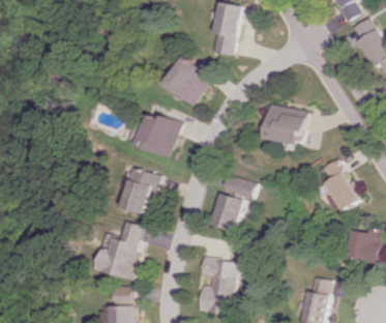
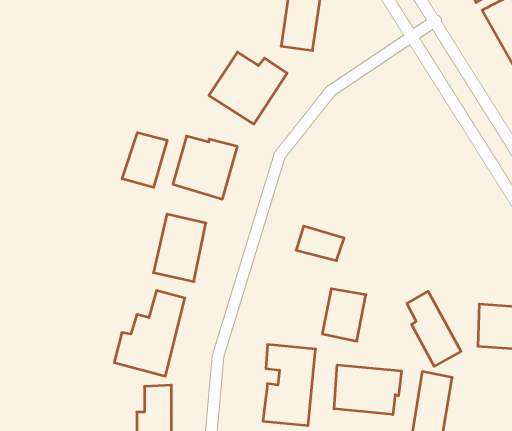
building: [263,106,304,144] -> none
building: none -> [122,133,167,187]
building: [321,159,358,211] -> [407,291,461,366]
building: [212,194,242,230] -> [322,289,366,341]
building: none -> [334,365,401,415]

